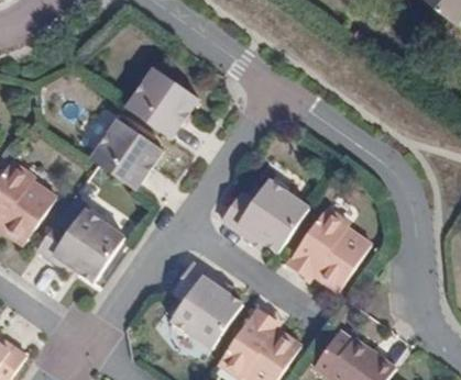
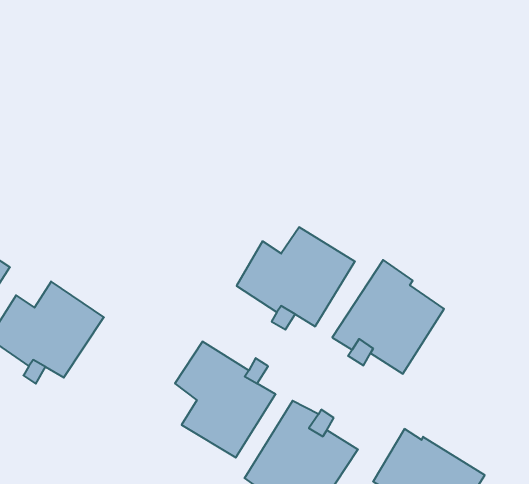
building: [122,67,191,135] -> none
building: [87,119,158,188] -> none

